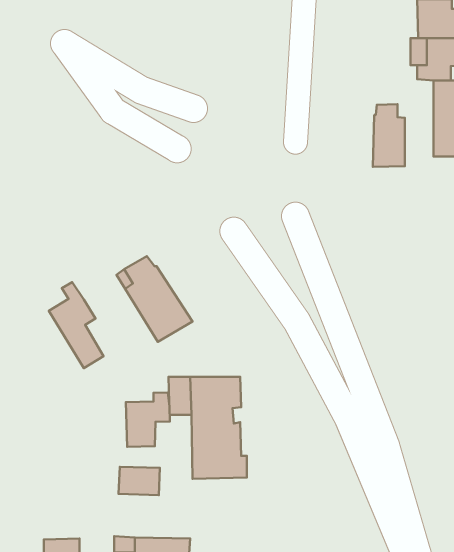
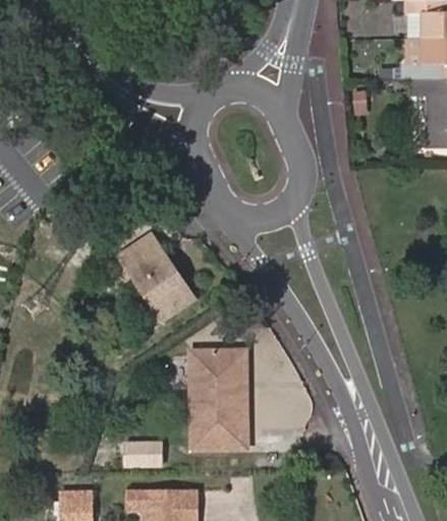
building: [373,104,405,167] -> none
building: [49,282,103,368] -> none
building: [126,393,170,447] -> none

